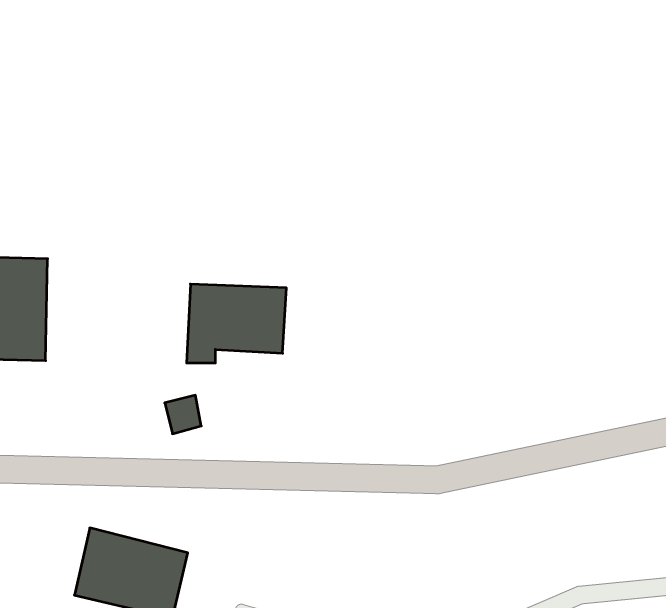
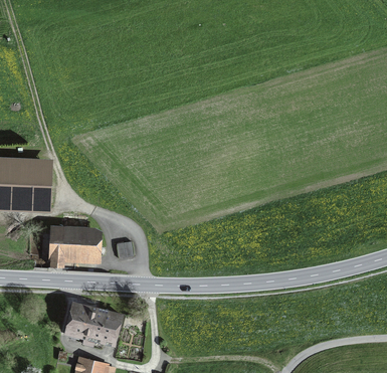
building: [187,284,286,363] -> [48,226,101,267]

